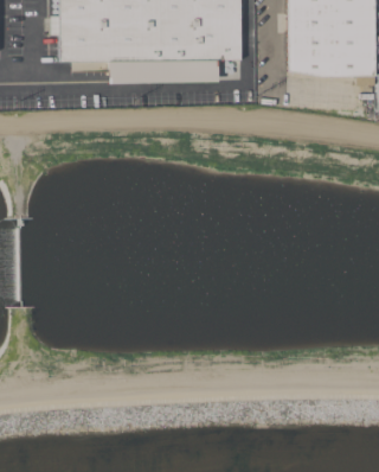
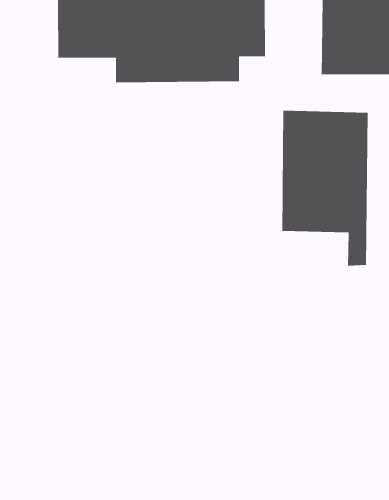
building: none -> [281,110,369,267]

